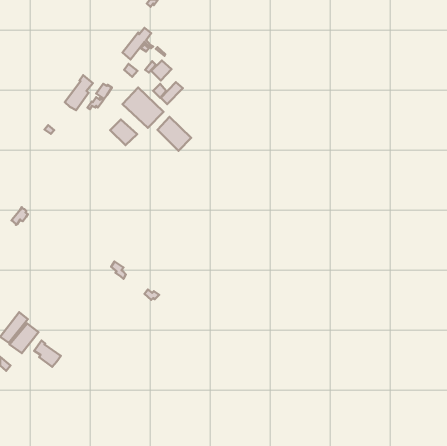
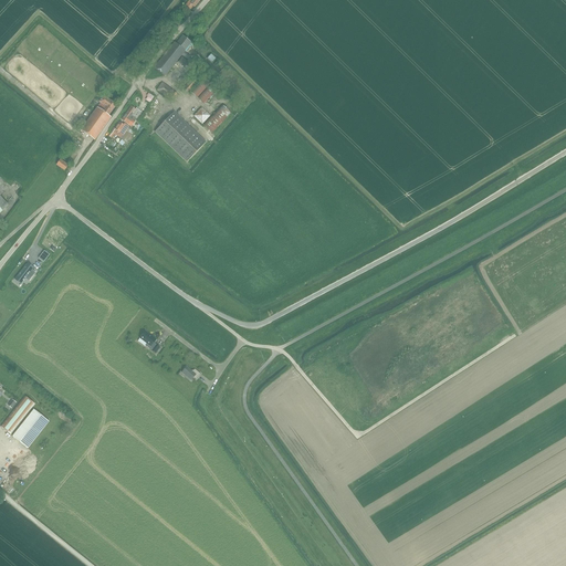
building: [157,117,191,151] -> none
building: [110,119,137,145] -> none
building: [34,340,61,367] -> none

